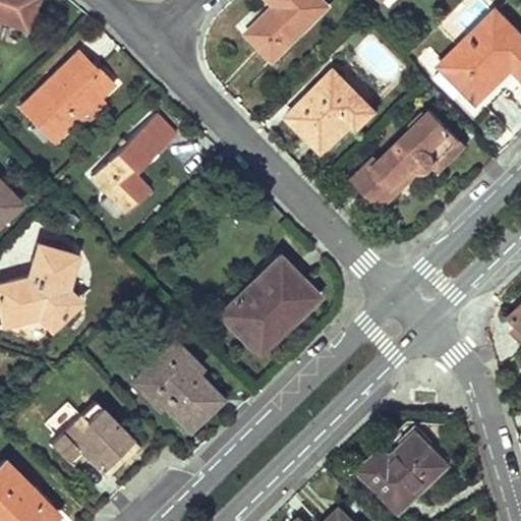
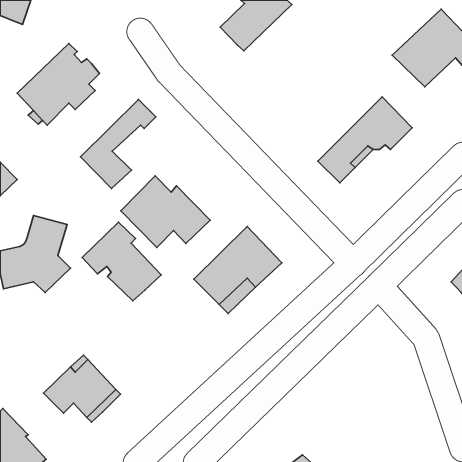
building: [289,70,372,148] -> none
building: none -> [121,176,210,247]
building: [133,340,222,428] -> [82,222,161,301]
building: [363,429,450,512] -> none

